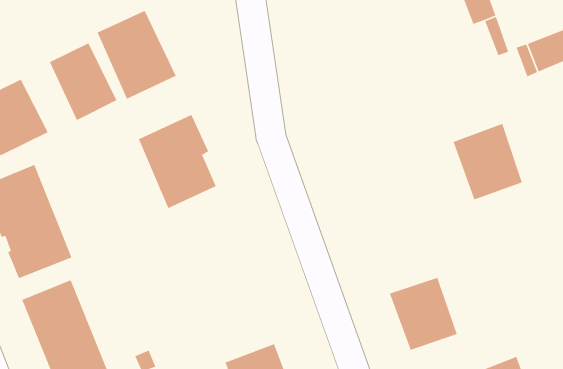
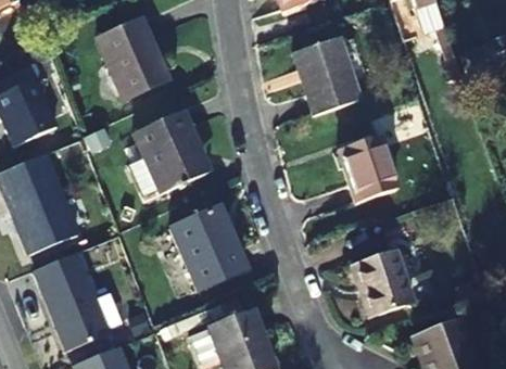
building: none -> [293,37,358,112]
building: [49,42,117,121] -> none
building: [453,123,523,200] -> [337,133,397,201]
building: none -> [169,204,241,289]

